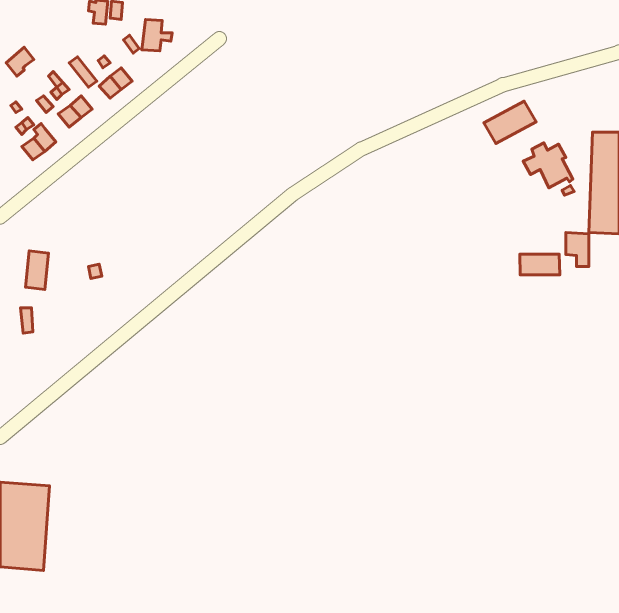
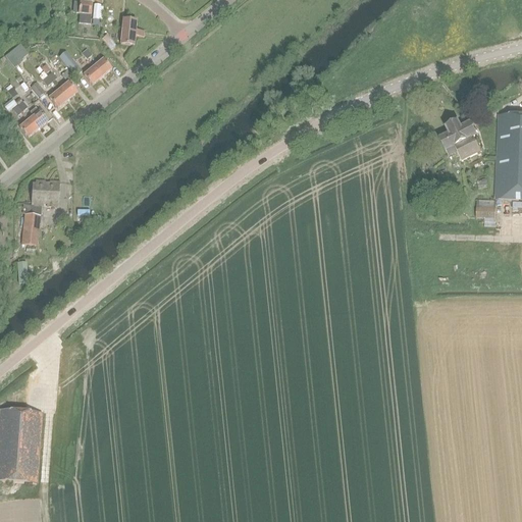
building: [484,101,536,144] -> none
building: none -> [32,177,59,203]
building: [520,254,560,275] -> none

